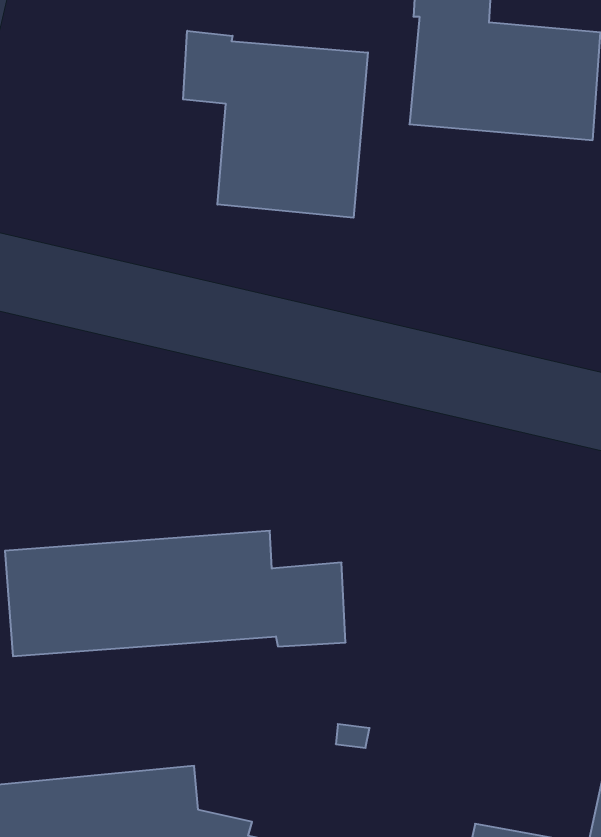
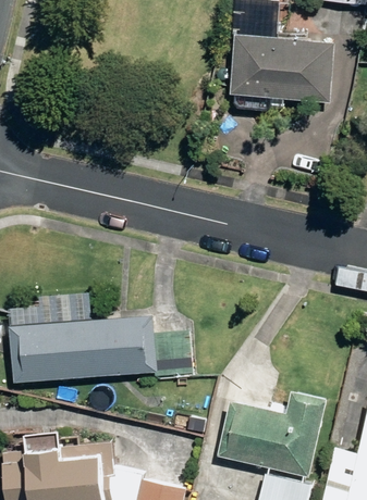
building: [183,31,368,218] -> none
building: none -> [217,392,323,476]

